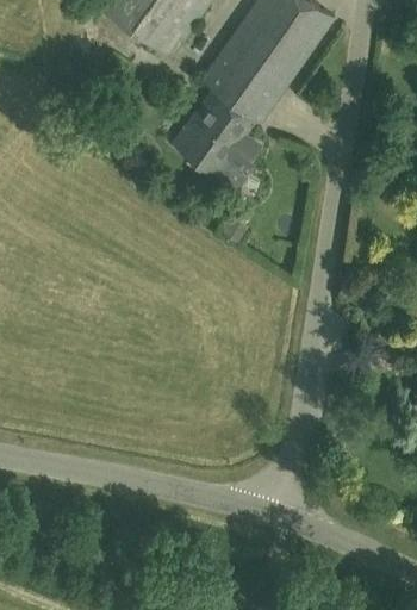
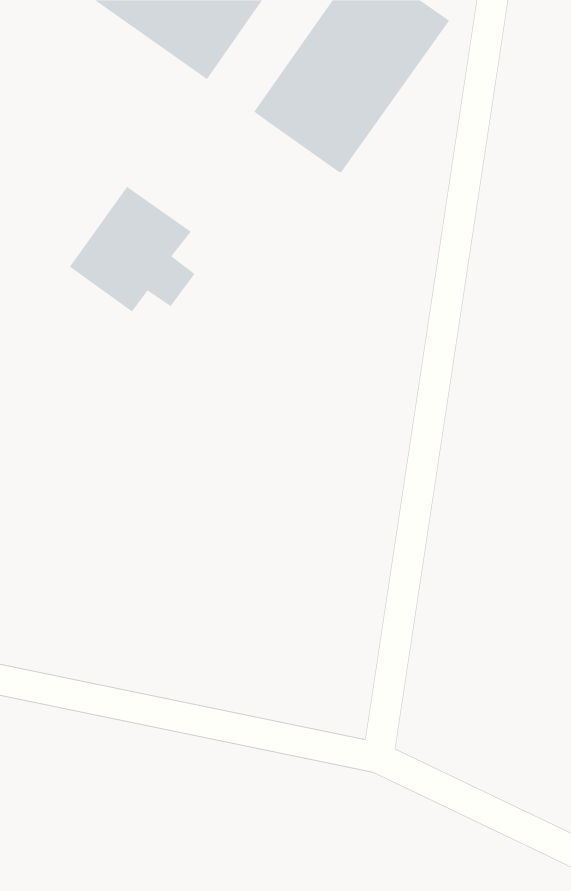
building: [175,88,261,174] -> [69,186,195,313]

